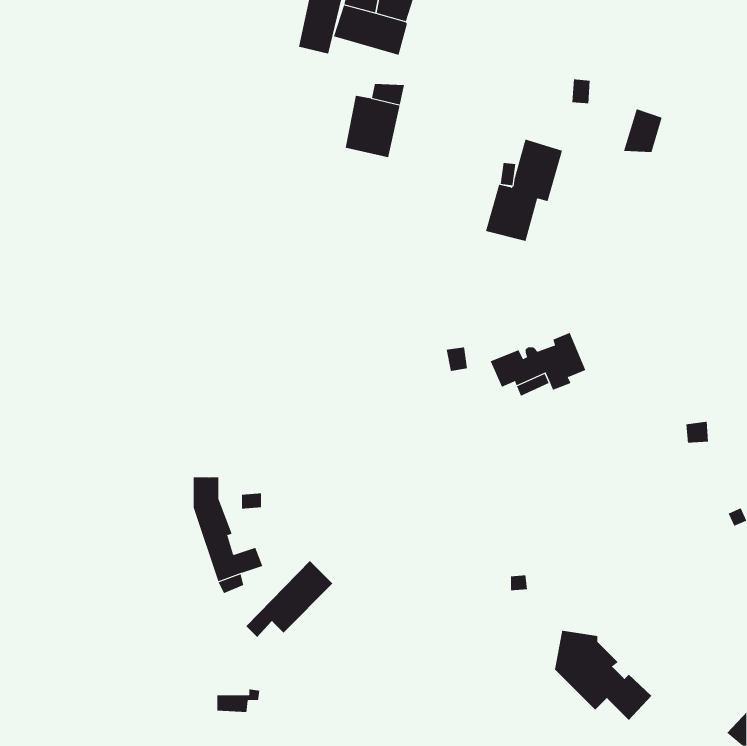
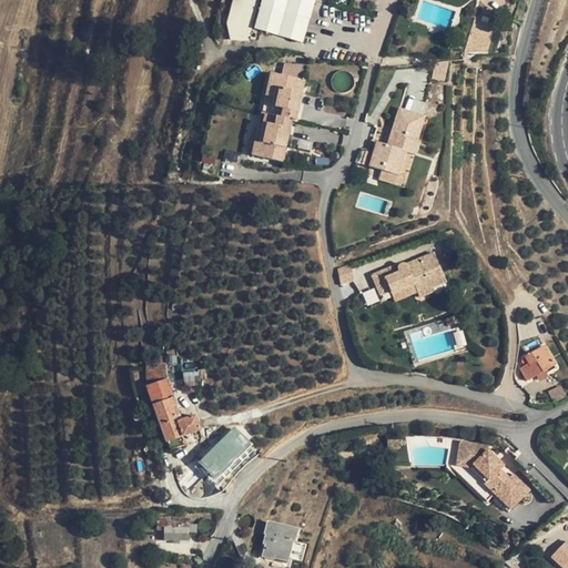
building: [623,109,663,153] -> [465,18,495,51]
building: none -> [251,112,291,161]
building: none -> [520,345,555,379]
building: [554,630,652,721] -> [456,440,530,509]
building: none -> [262,520,296,560]

